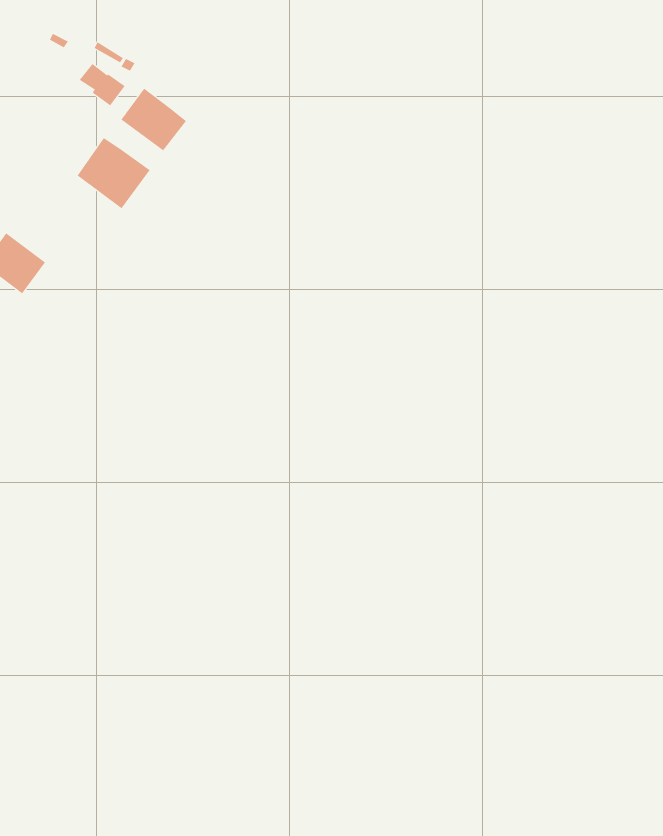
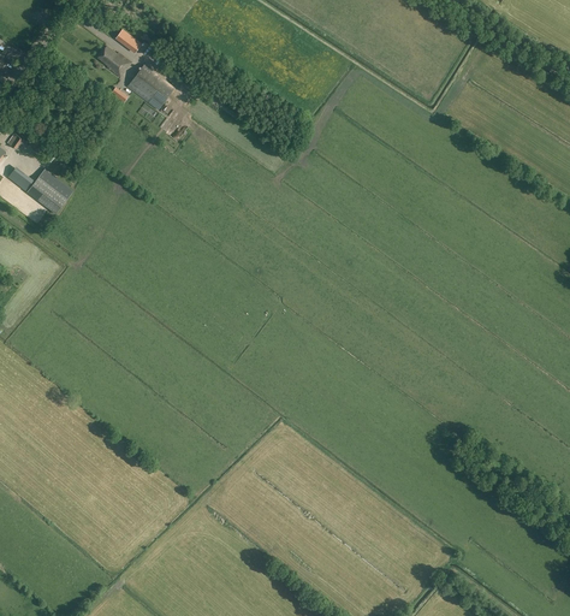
building: [77,137,150,209] -> none

